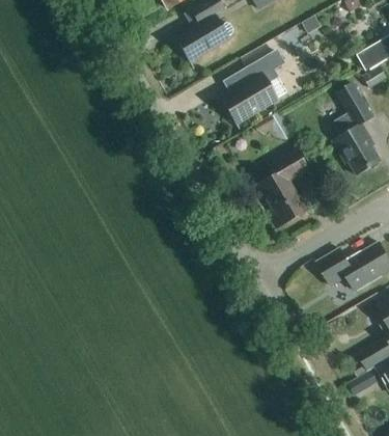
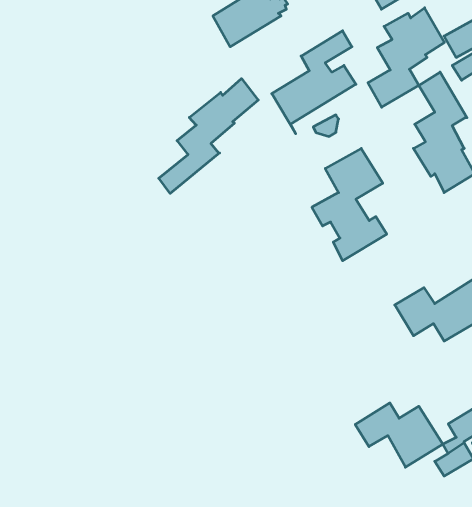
building: none -> [368,8,444,107]
building: none -> [159,79,258,193]
building: none -> [355,403,443,467]

